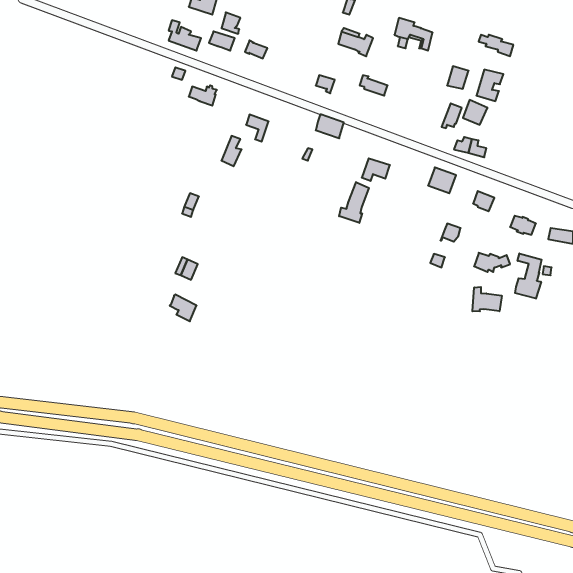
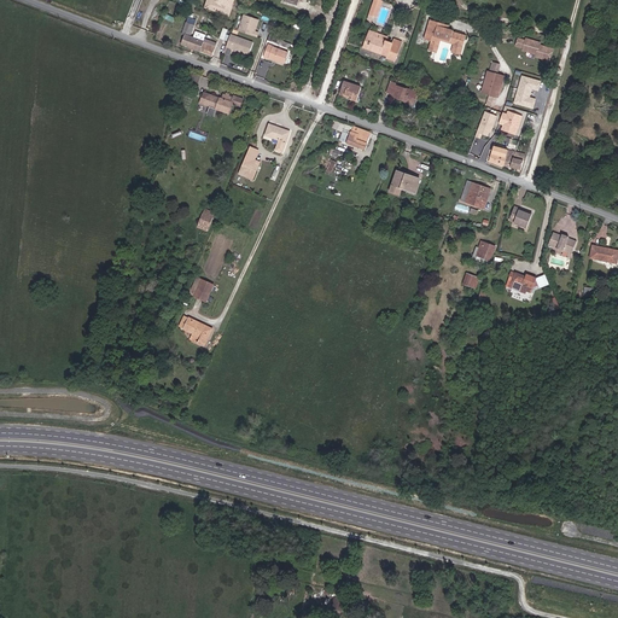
building: [339,182,369,223] -> none
building: [515,253,542,299] -> none
building: [472,287,502,311] -> none

